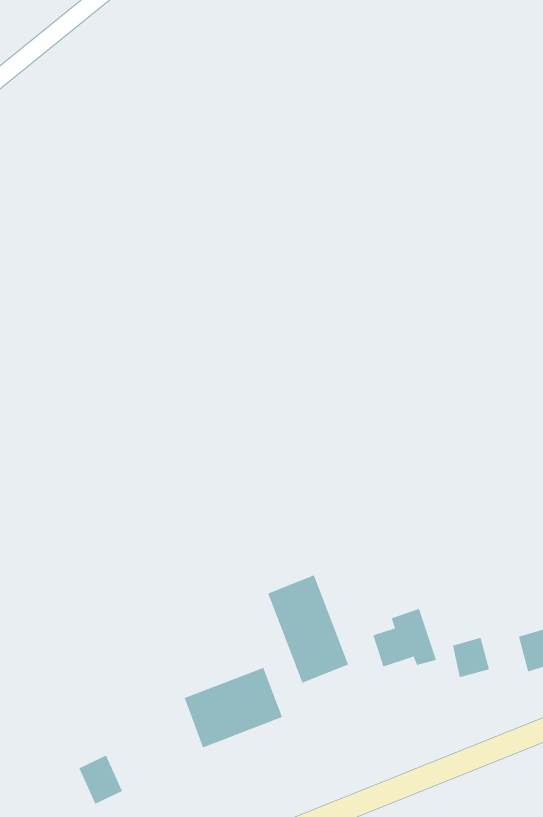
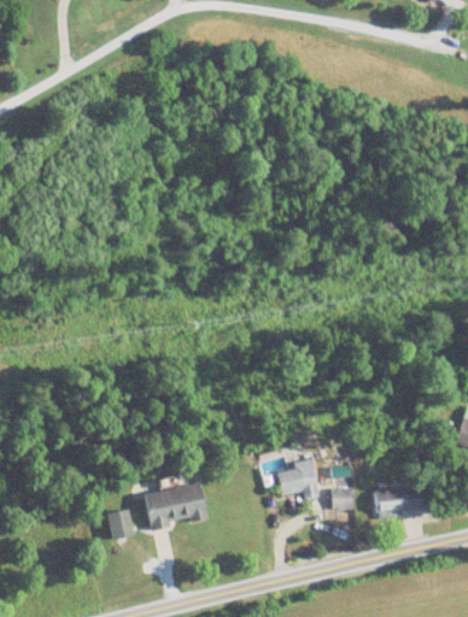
building: [268,575,349,683] -> none
building: [78,755,123,805] -> [106,507,134,540]

